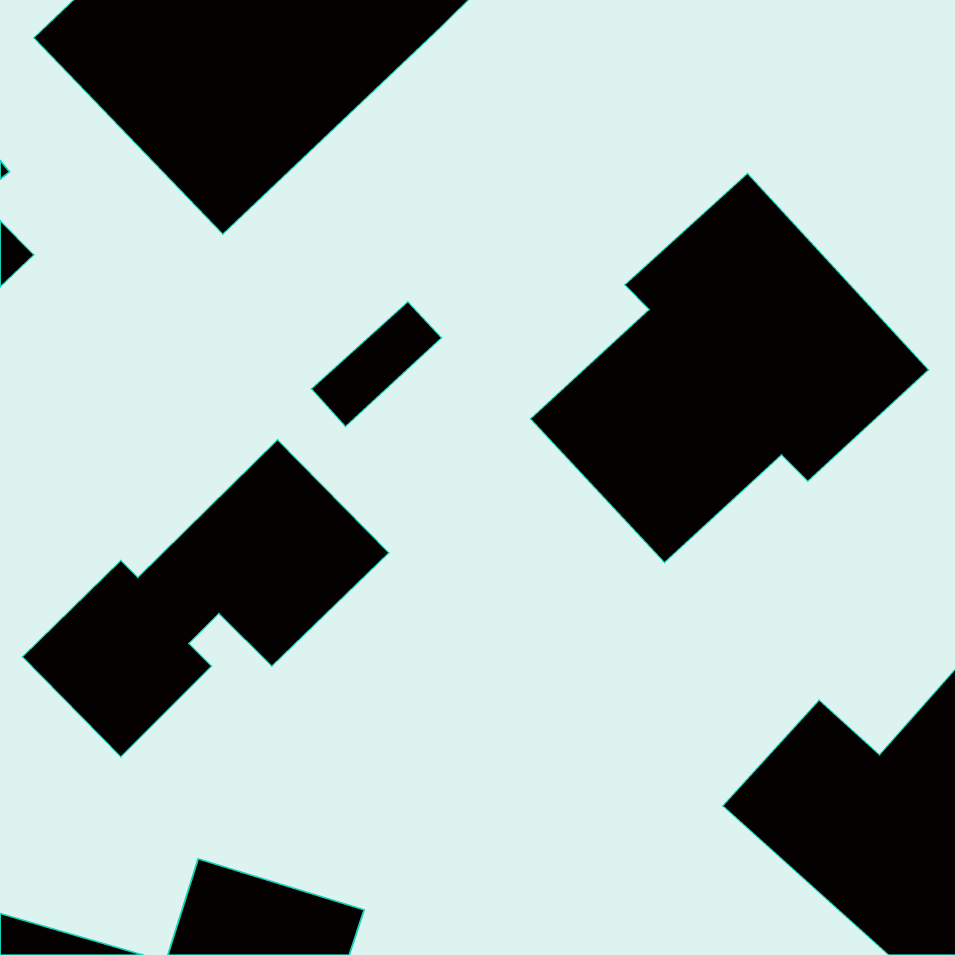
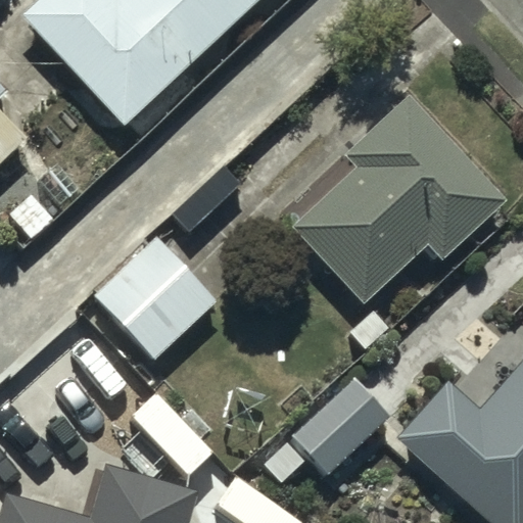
building: none -> [263,379,391,484]

